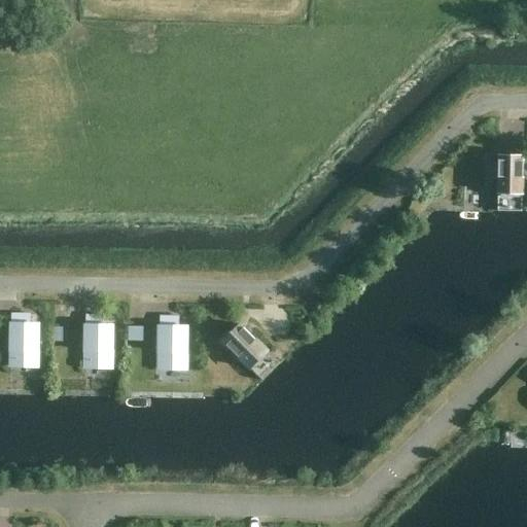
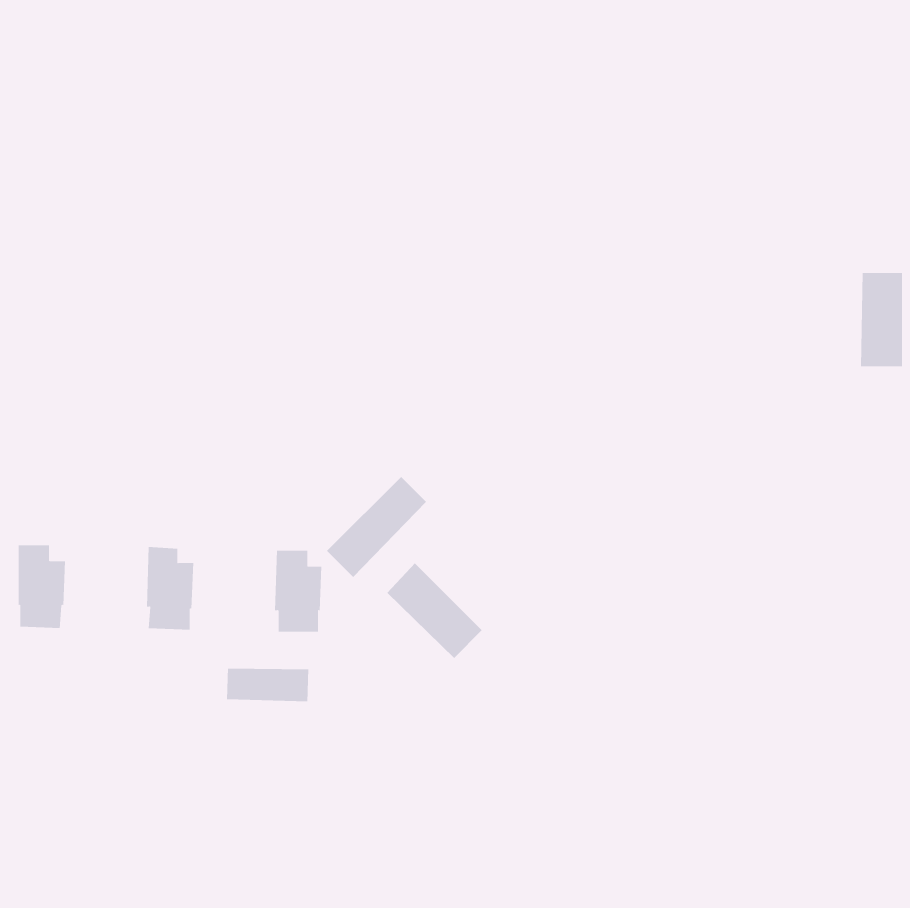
building: none -> [326,476,427,578]
building: none -> [227,668,309,702]

